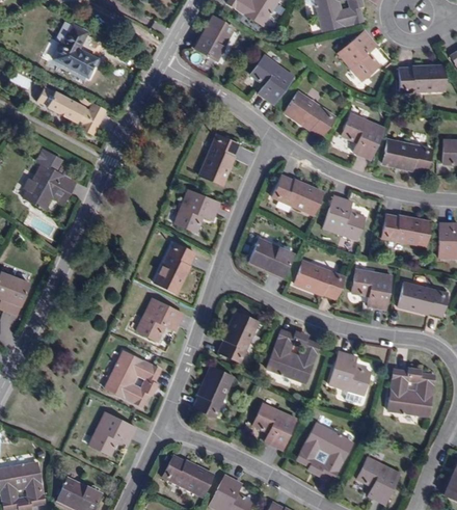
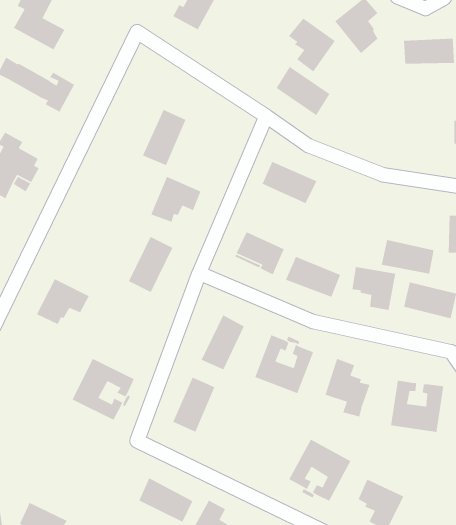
building: [251,55,294,104] -> [288,17,336,72]
building: [343,113,384,159] -> none
building: [199,134,239,185] -> [142,109,186,166]
building: [383,140,431,172] -> none
building: [322,195,364,240] -> none
building: [381,214,429,245] -> [381,239,435,274]
building: [136,298,184,340] -> [36,278,90,325]
building: [254,404,296,450] -> none
building: [88,411,136,454] -> none

